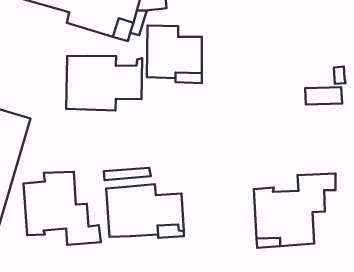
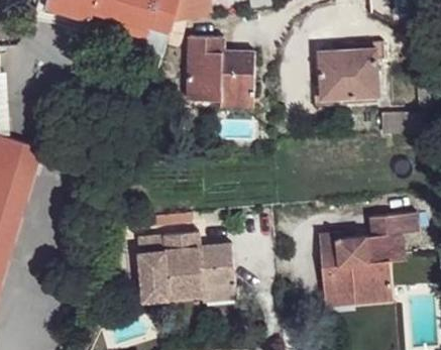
building: none -> [318,50,378,100]
building: [66,56,142,110] -> none
building: [24,172,101,245] -> none

